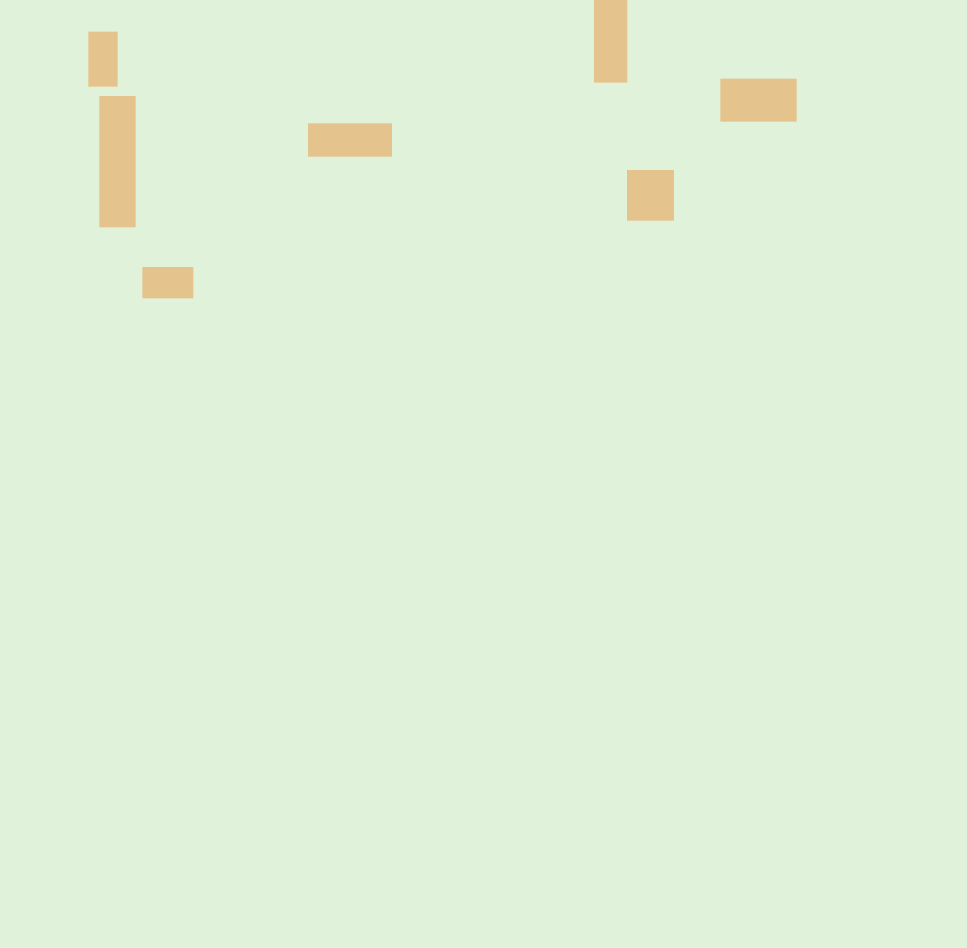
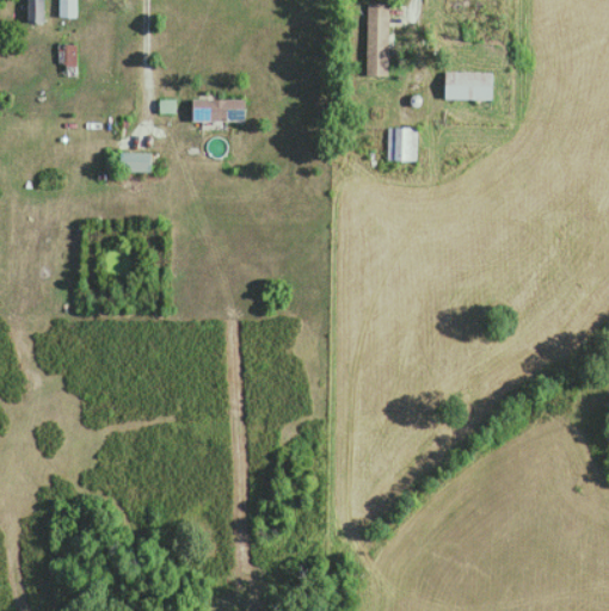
building: [98,95,137,228] -> none
building: [142,266,194,299] -> [121,152,153,172]

